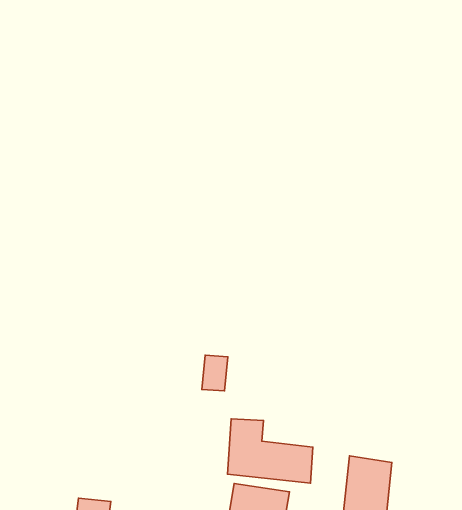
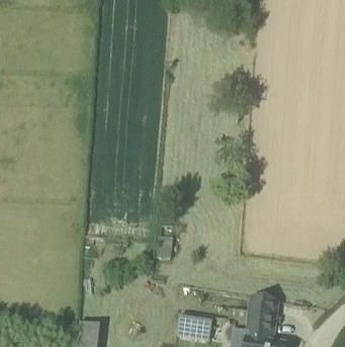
building: [227,419,313,483] -> none

